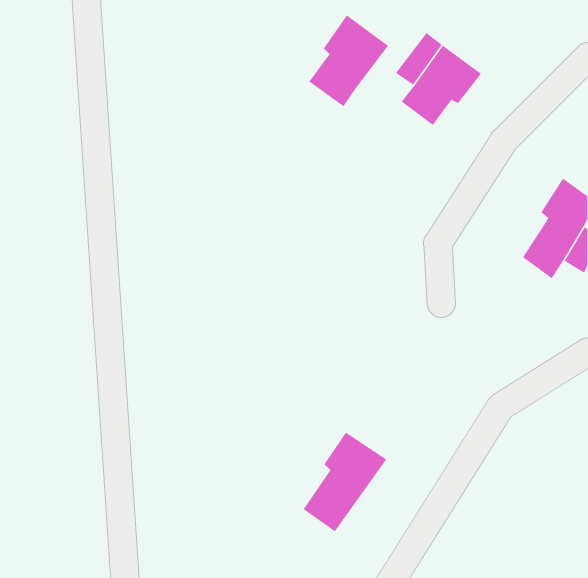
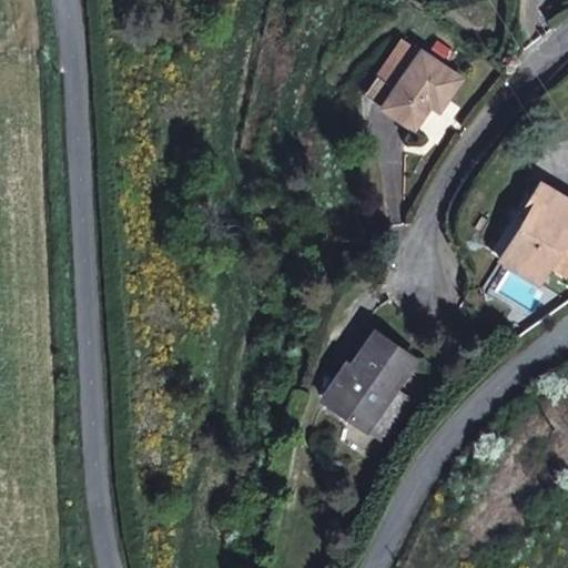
building: [308,15,389,107] -> none
building: [303,432,387,532] -> [332,334,413,430]

